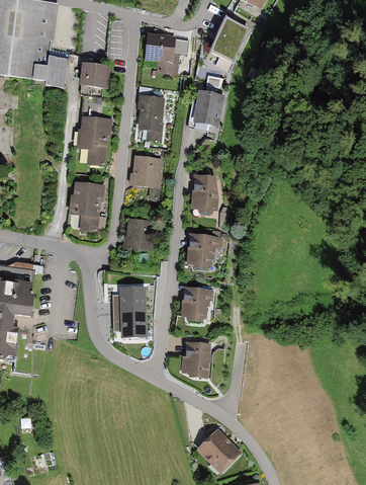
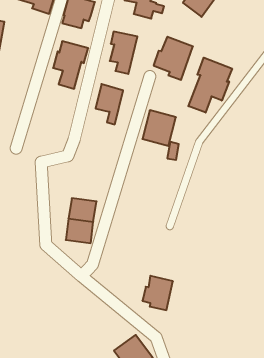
building: none -> [188,58,232,113]
building: [70,181,99,228] -> none
building: [124,220,150,247] -> none
building: [187,234,218,268] -> none
building: [181,288,213,322] -> none
building: [180,342,210,378] -> [142,276,173,310]

